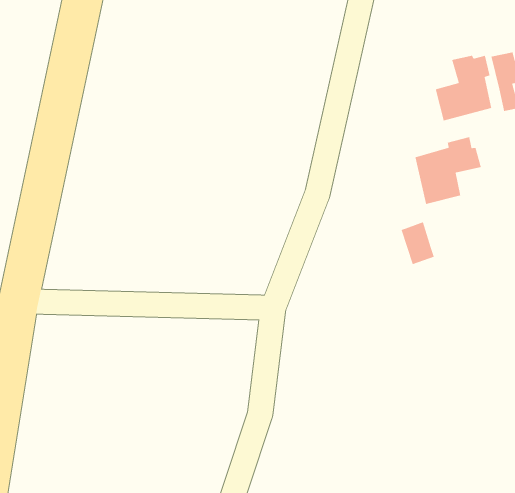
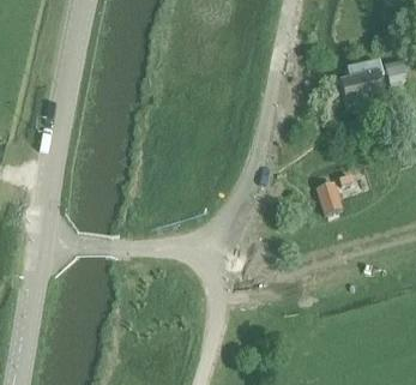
building: [414,136,482,205] -> none

